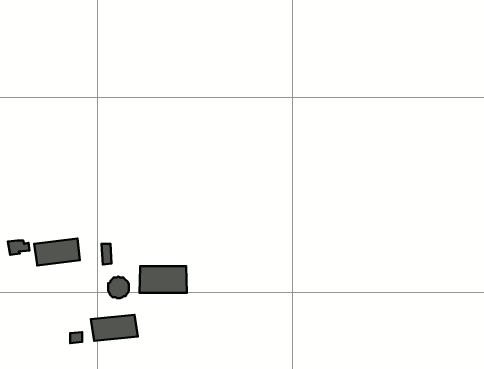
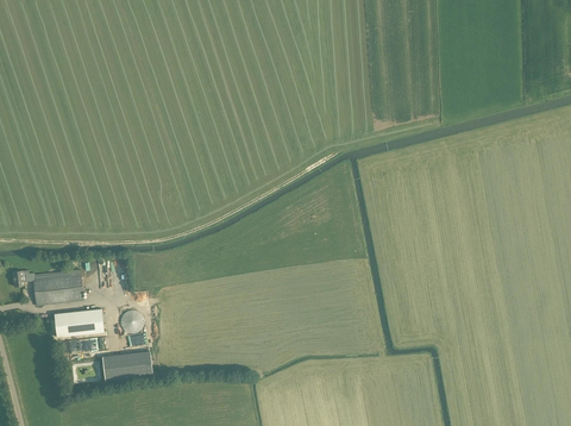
building: [140,266,187,293] -> none
building: none -> [54,308,103,337]

